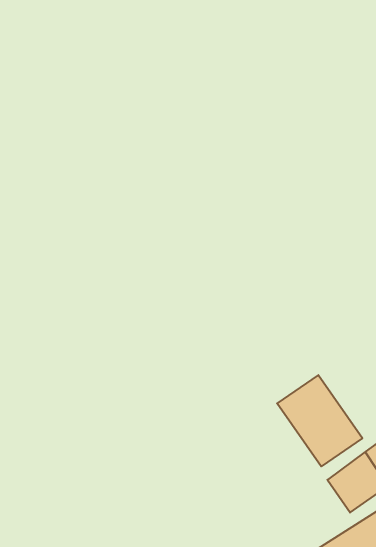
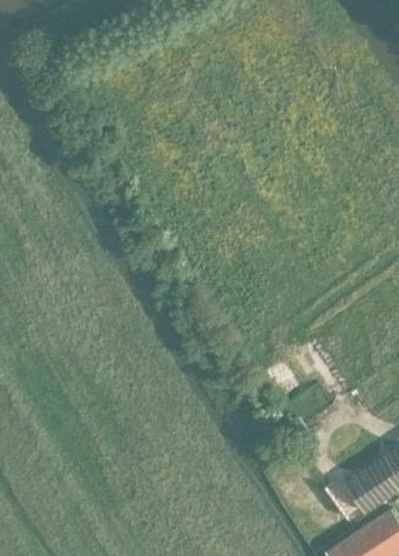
building: [277,375,362,466] -> none

